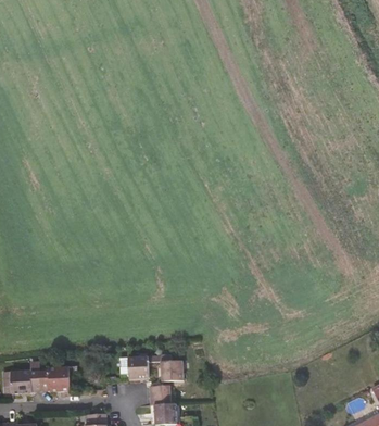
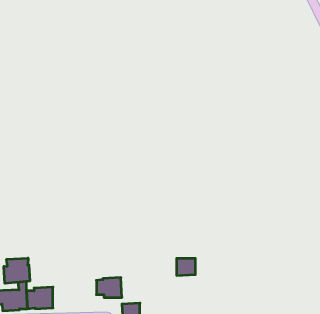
building: none -> [4,258,30,283]
building: [161,362,182,381] -> [177,258,195,275]

